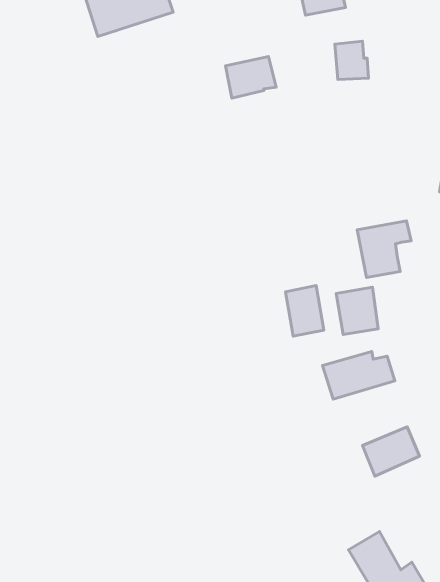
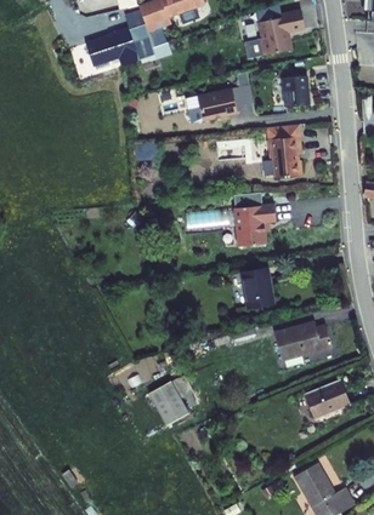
building: none -> [266,137,298,178]
building: [357,221,411,278] -> [230,202,272,247]
building: [336,287,378,335] -> none
building: none -> [148,382,186,424]

